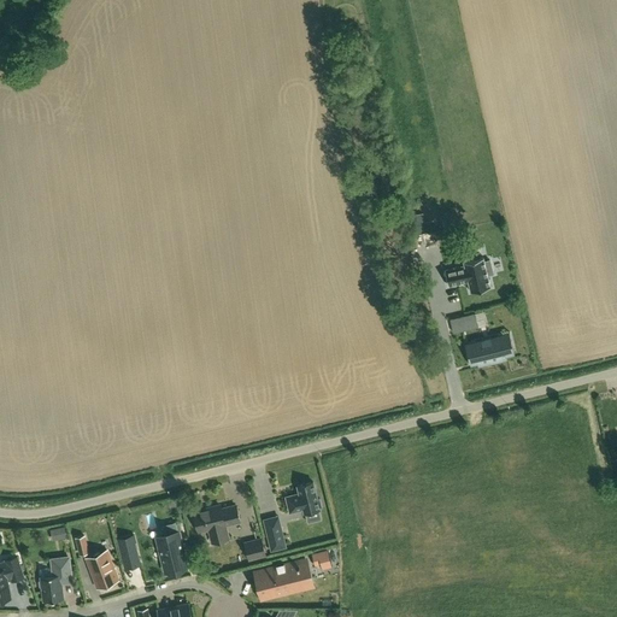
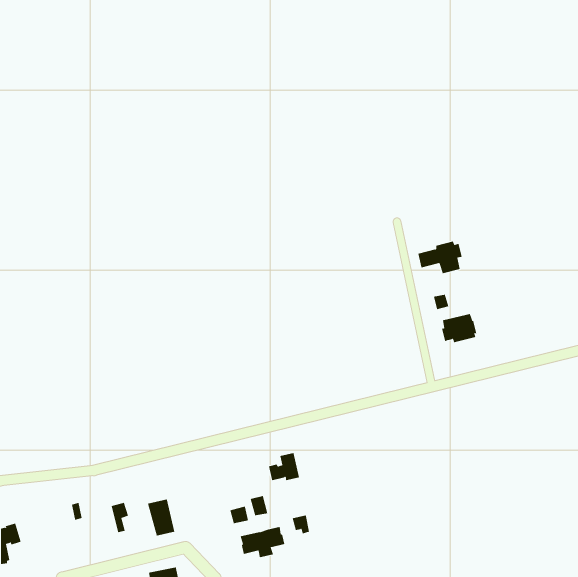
building: [194,506,240,543] -> none
building: [86,551,118,588] -> none
building: [40,558,72,604] -> none

